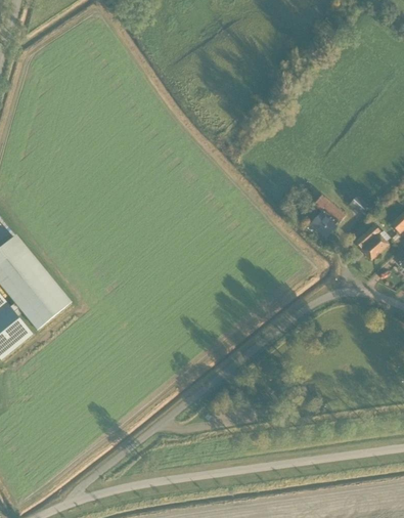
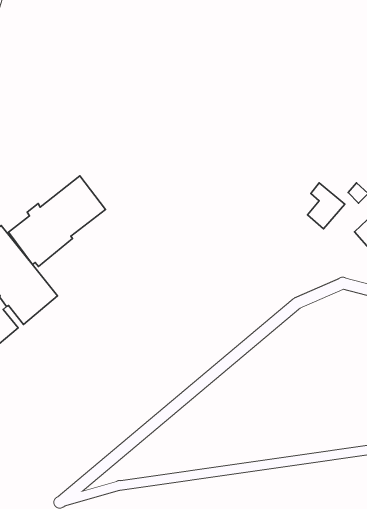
building: none -> [8,176,106,267]

